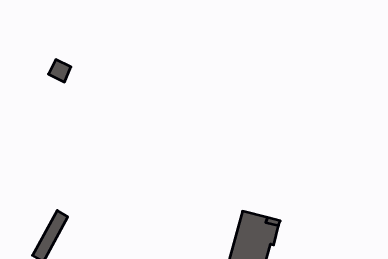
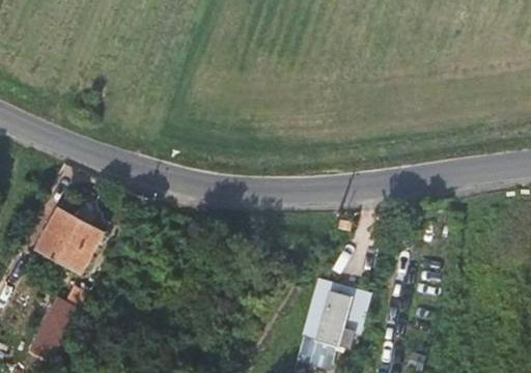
building: none -> [36,207,104,274]

